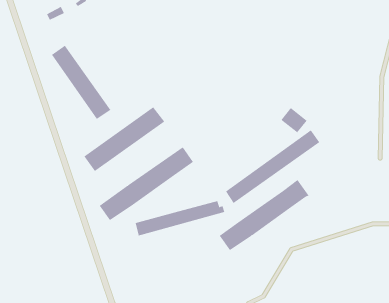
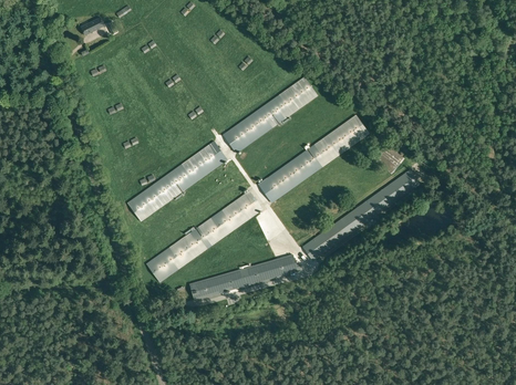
building: [51,45,111,120] -> none
building: none -> [223,76,318,154]
building: [219,179,309,251] -> [258,114,370,202]

